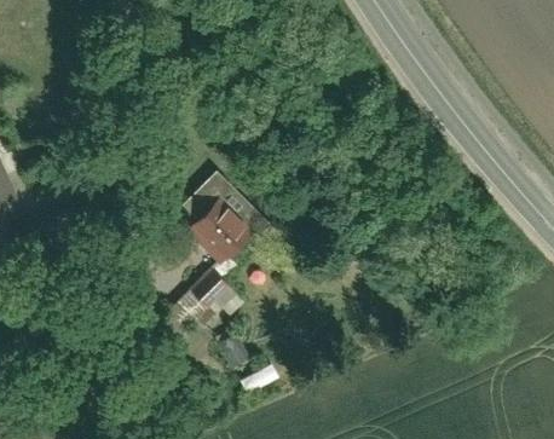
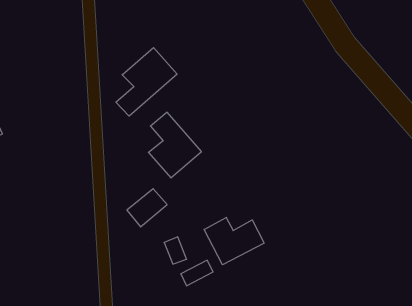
building: none -> [116,48,177,116]
building: none -> [204,217,264,265]

